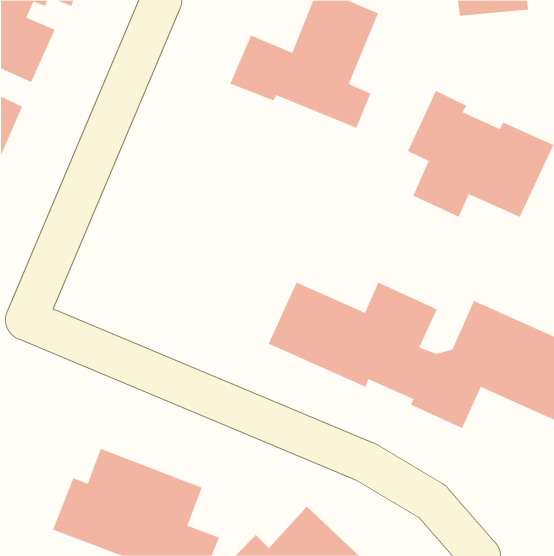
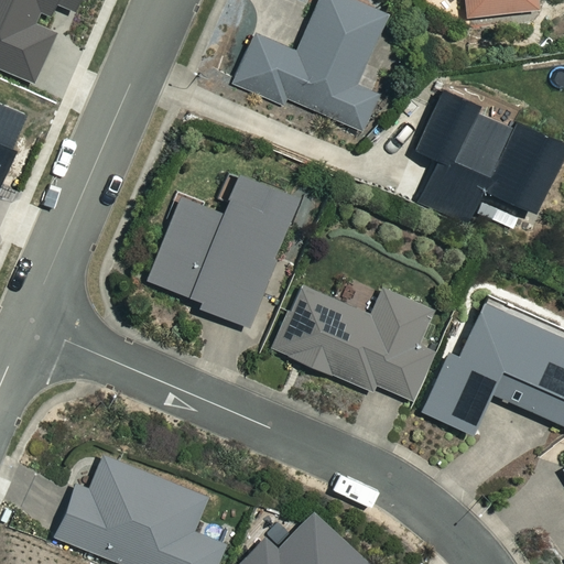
building: none -> [149,175,297,326]

